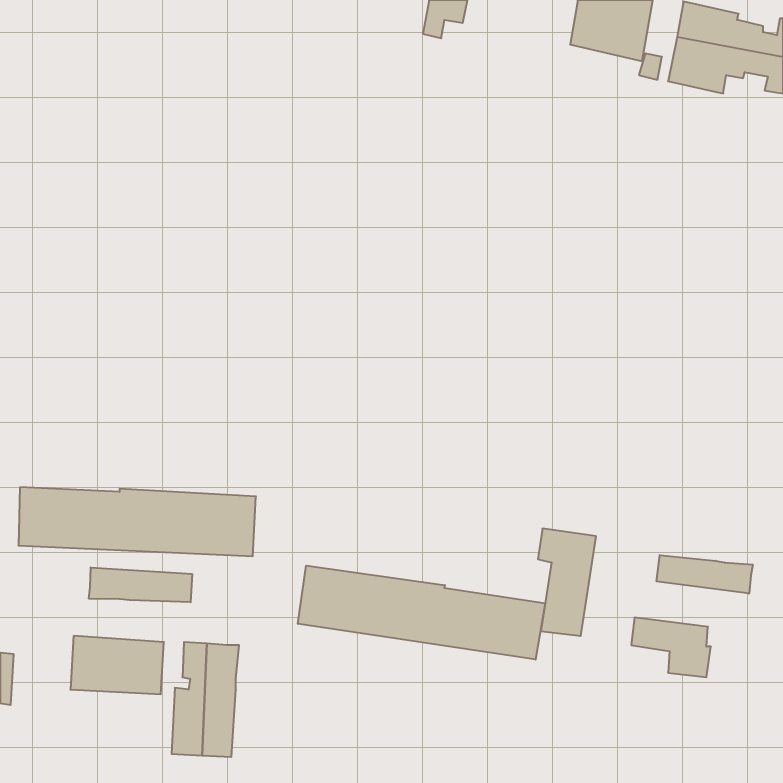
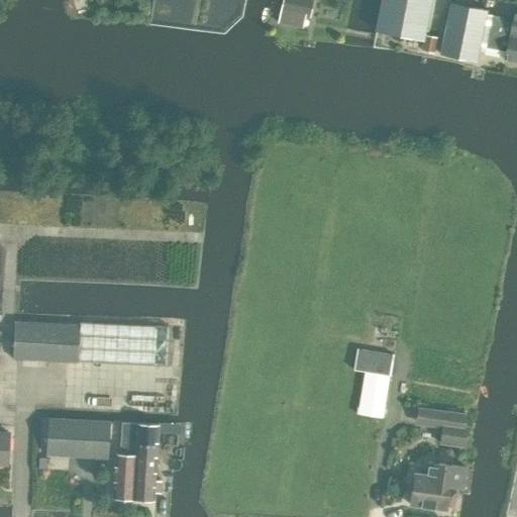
building: [657,555,753,594] -> none
building: [298,566,545,660] -> none
building: [89,567,192,602] -> none
building: none -> [410,461,466,509]

